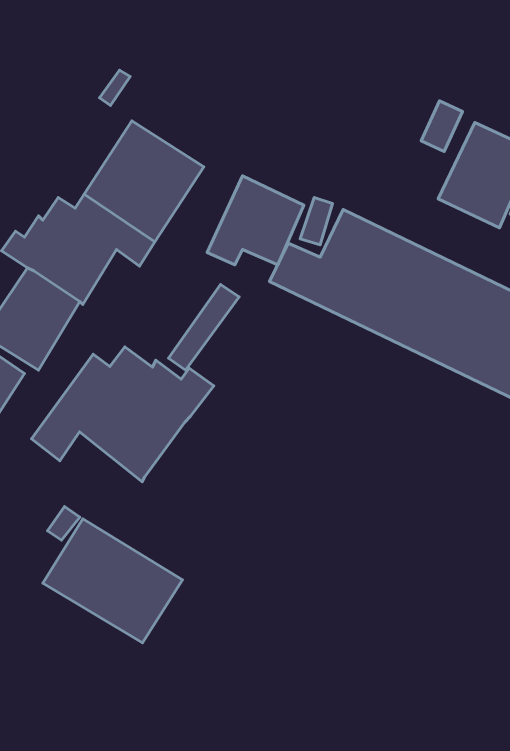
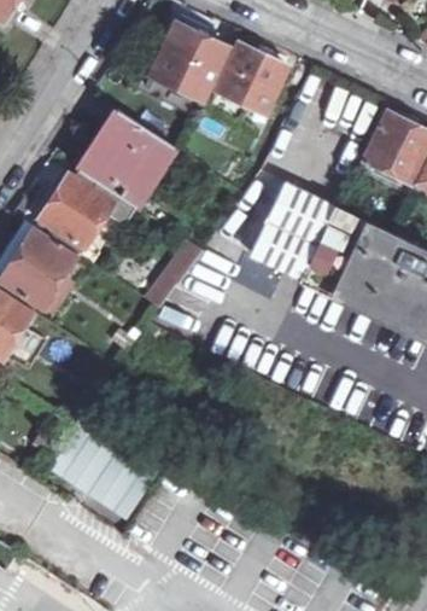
building: none -> [151,23,228,101]
building: [207,176,304,265] -> [211,43,287,114]
building: [32,347,214,482] -> none

